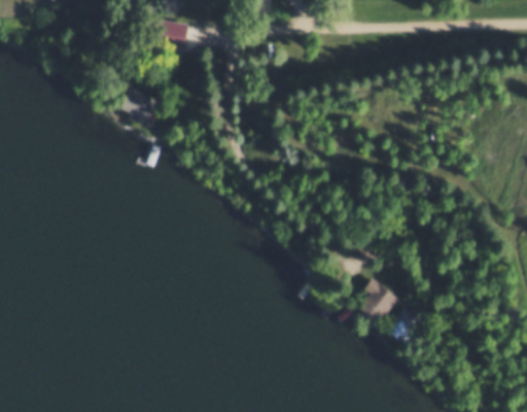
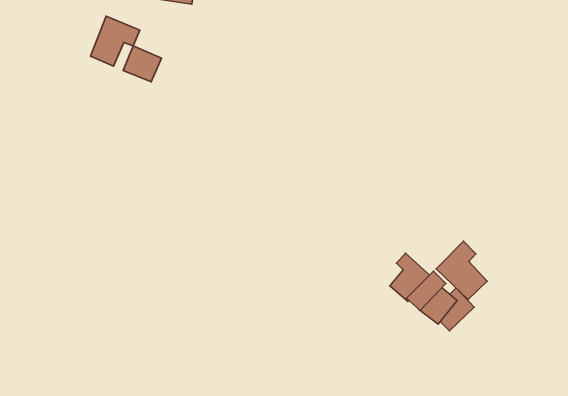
building: none -> [91,16,140,66]
building: none -> [436,241,487,299]

